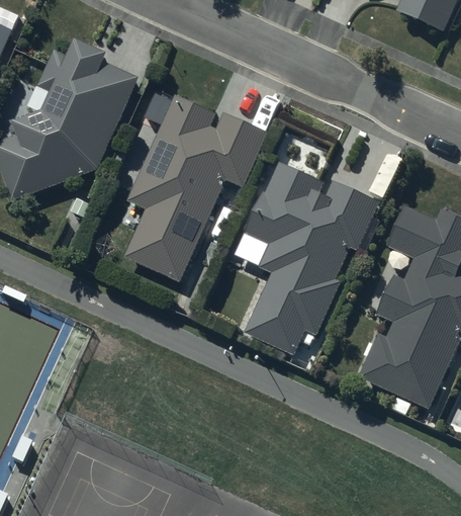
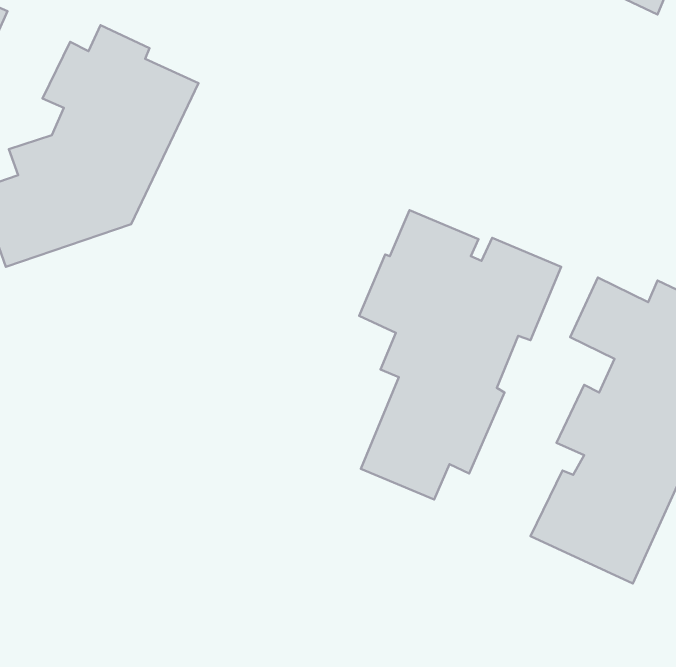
building: [122,96,266,281] -> none

